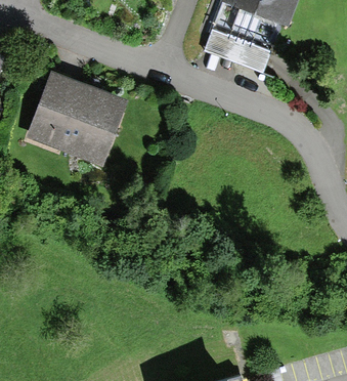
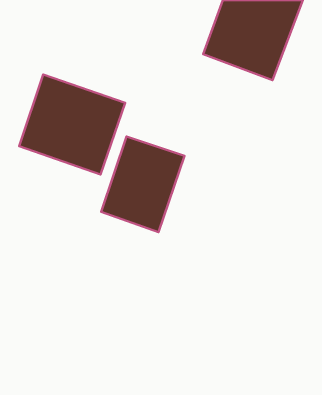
building: none -> [101,136,185,232]

